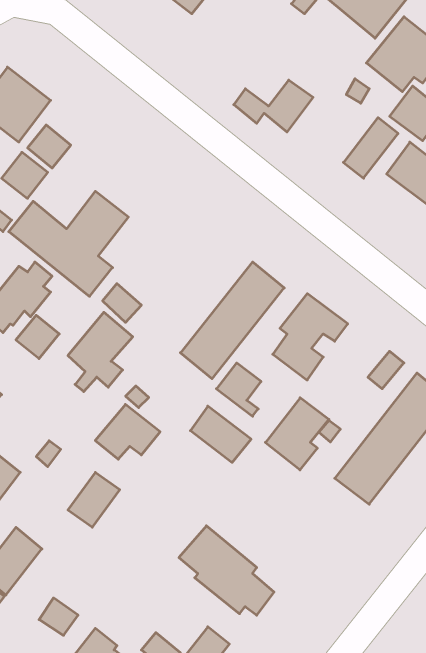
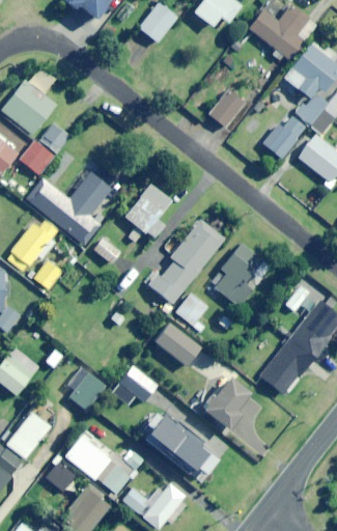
building: [68,312,133,392] -> [124,184,171,241]
building: [265,398,329,470] -> [204,378,250,429]
building: [95,404,160,459] -> [111,365,158,404]
building: none -> [65,436,111,479]
building: none -> [103,448,143,493]

